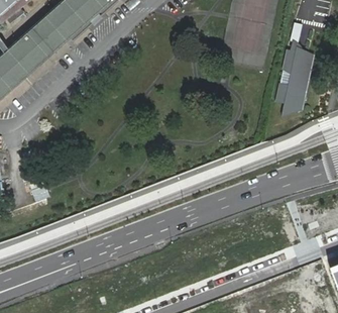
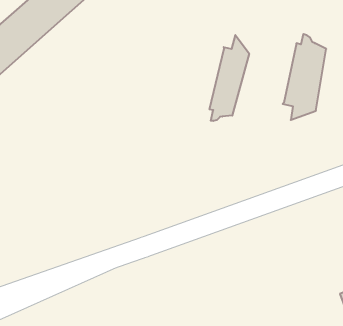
building: none -> [210,35,249,121]

